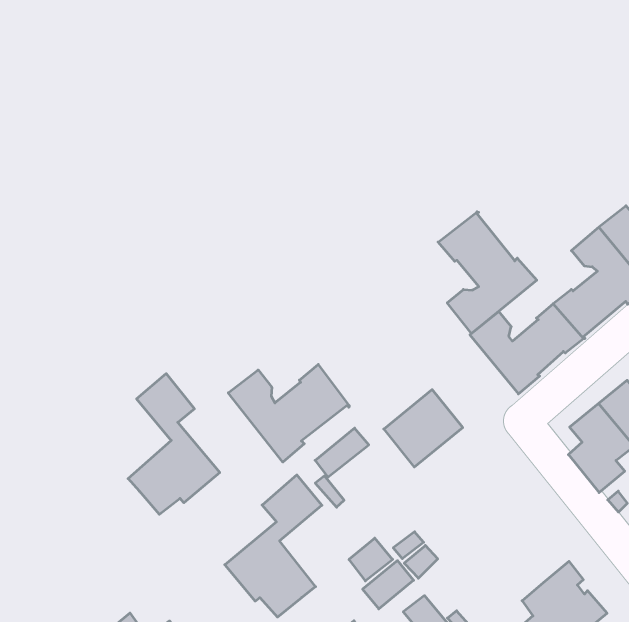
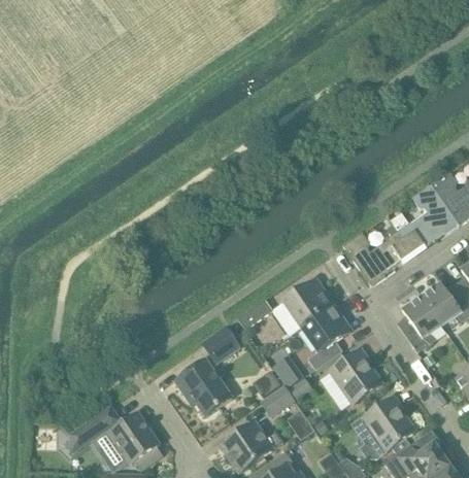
building: [438,212,537,333] -> none
building: [228,364,349,462] -> none
building: [128,374,220,514] -> none
building: none -> [300,304,350,369]
building: none -> [329,347,382,404]

